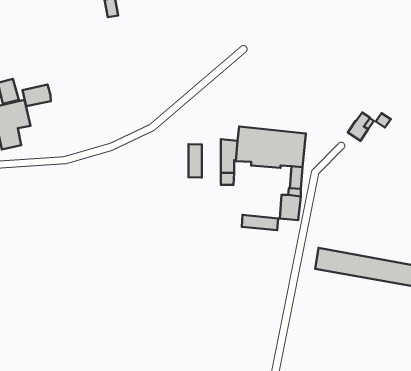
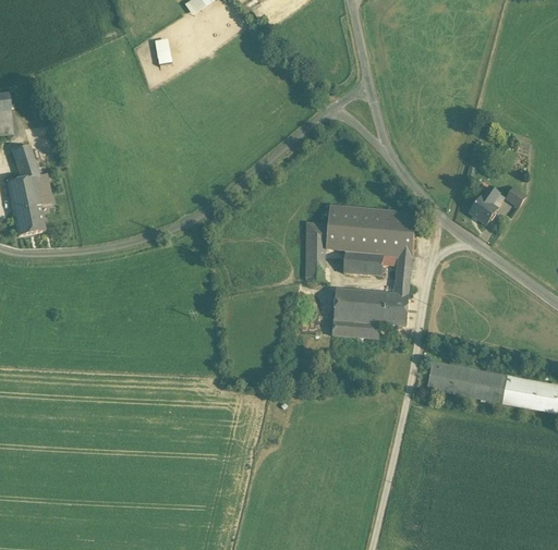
building: [23,84,51,106] -> none
building: [188,144,202,178] -> none
building: none -> [341,255,381,276]
building: none -> [332,289,383,323]

